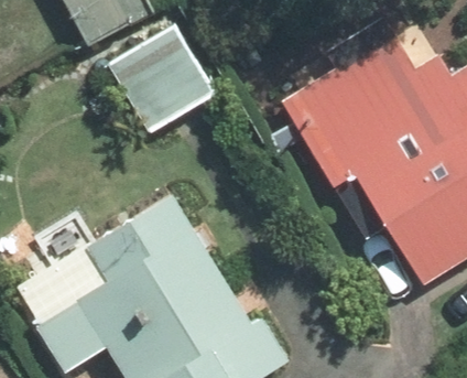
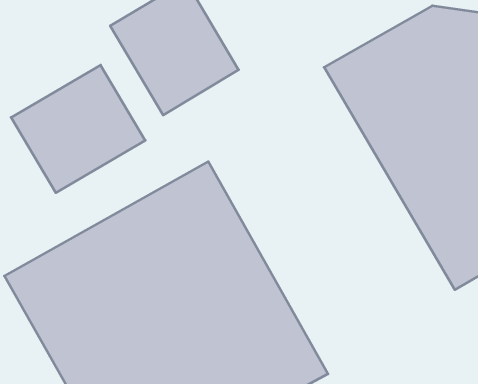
building: none -> [11,65,145,193]

